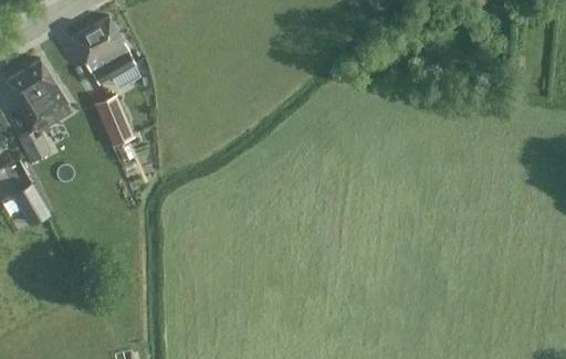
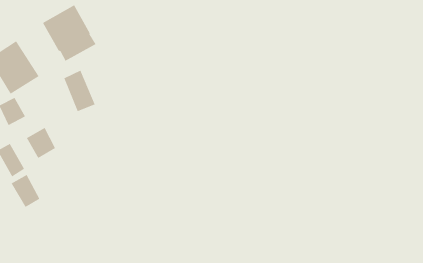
building: none -> [26,127,56,159]
building: none -> [11,174,40,208]

